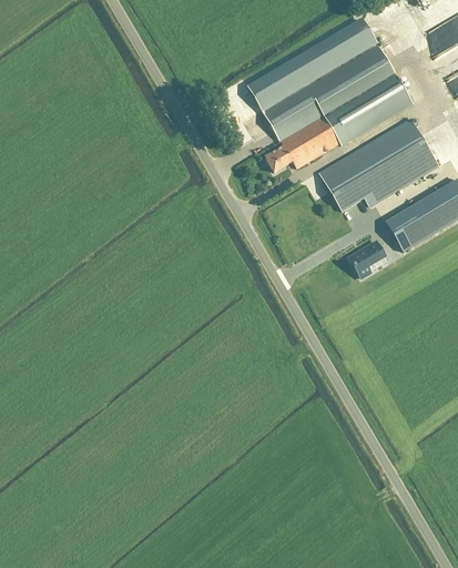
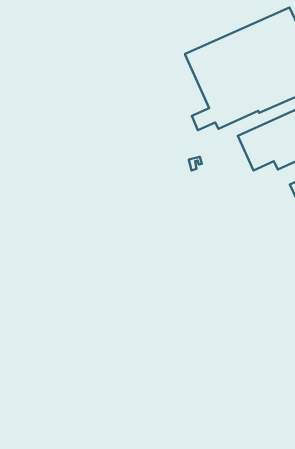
building: [350,240,385,276] -> none

